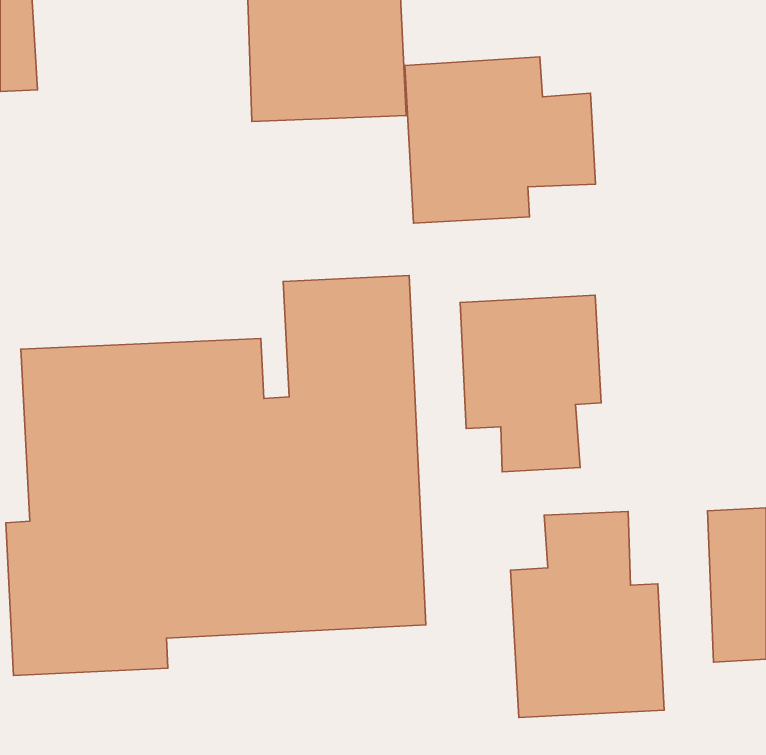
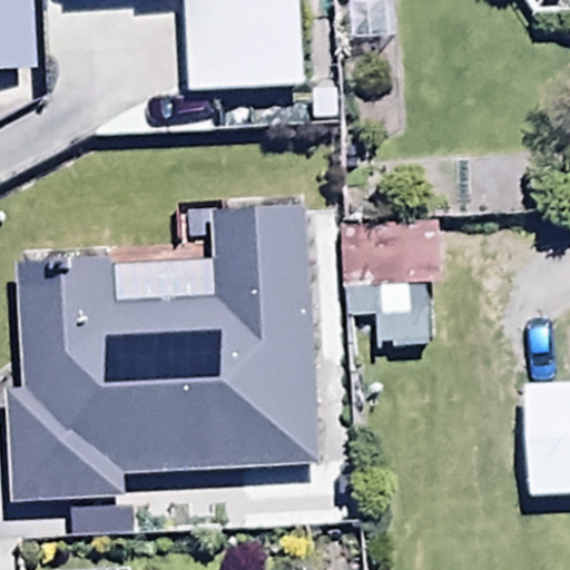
building: [405,57,595,223] -> none
building: [511,511,664,717] -> none

